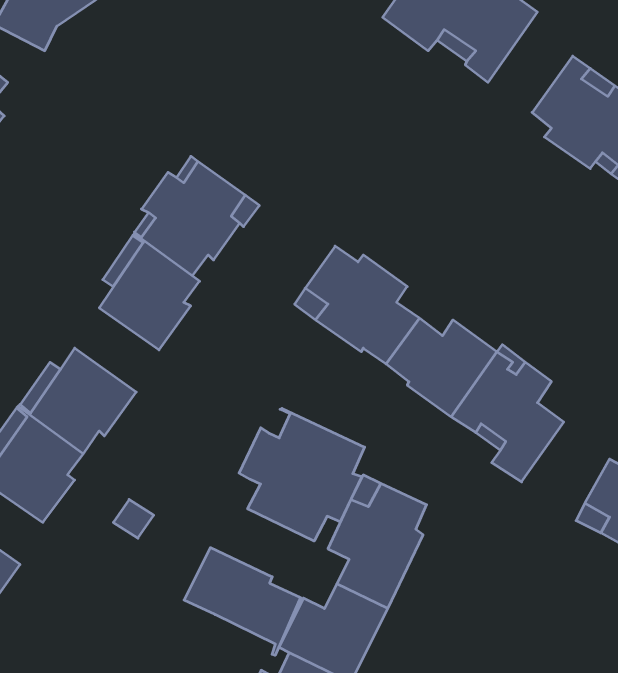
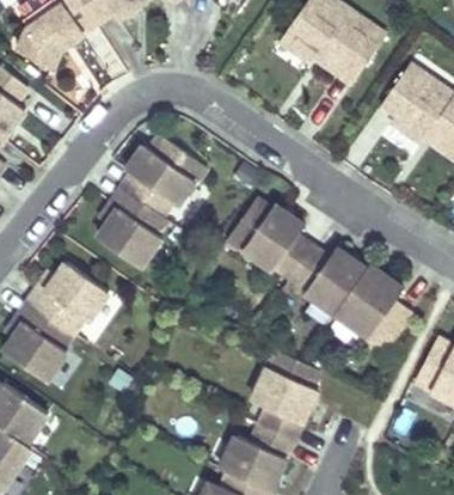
building: [239,408,365,541] -> none
building: [184,548,301,655] -> none

